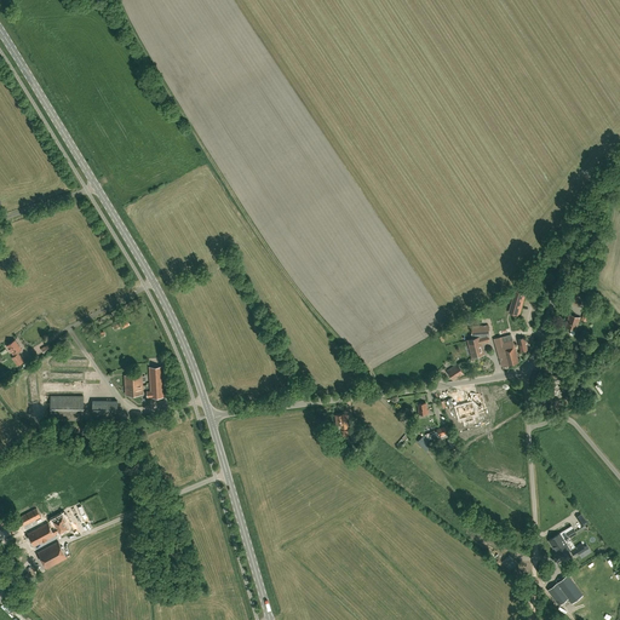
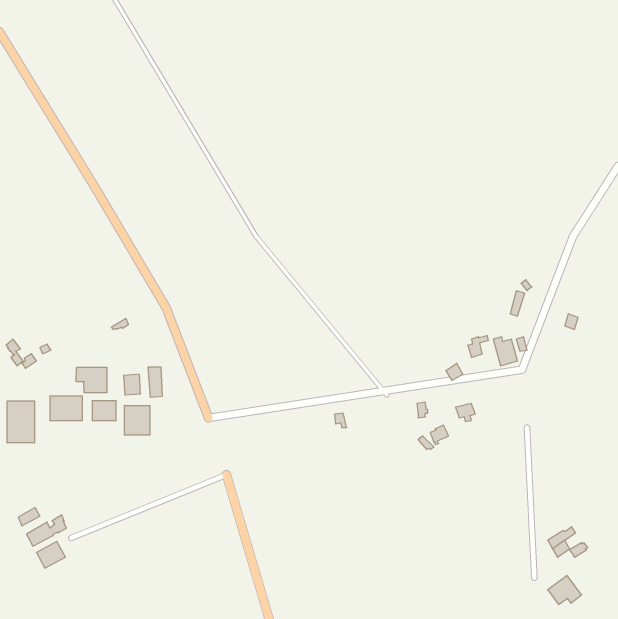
building: none -> [76,367,107,393]
building: none -> [7,401,35,443]
building: none -> [125,405,150,435]

